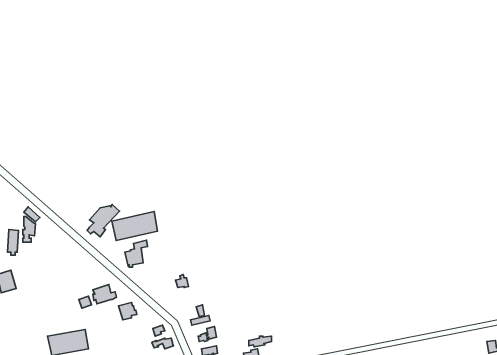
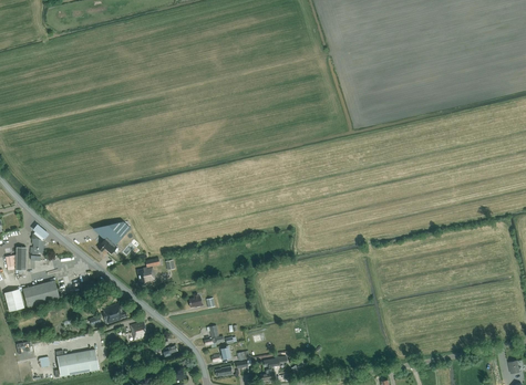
building: [112,211,157,240] -> none
building: none -> [22,279,60,305]

